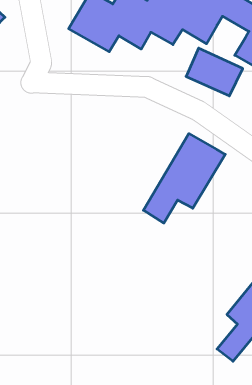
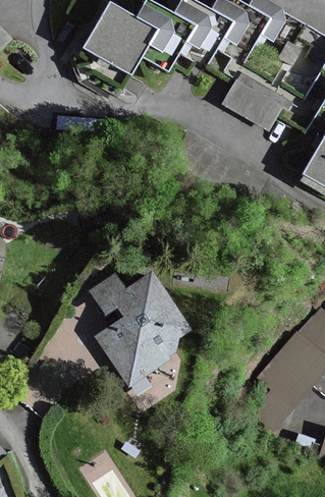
building: [143,134,225,223] -> none
building: none -> [89,269,186,383]

